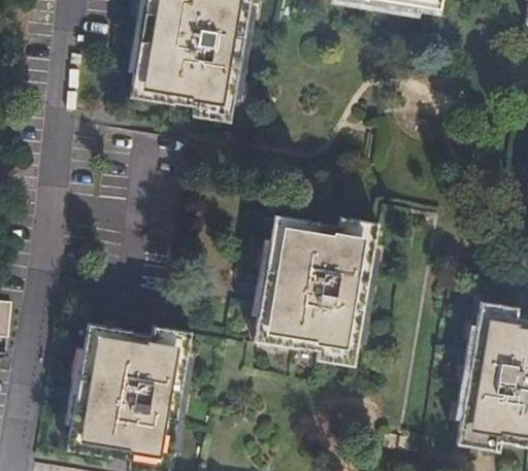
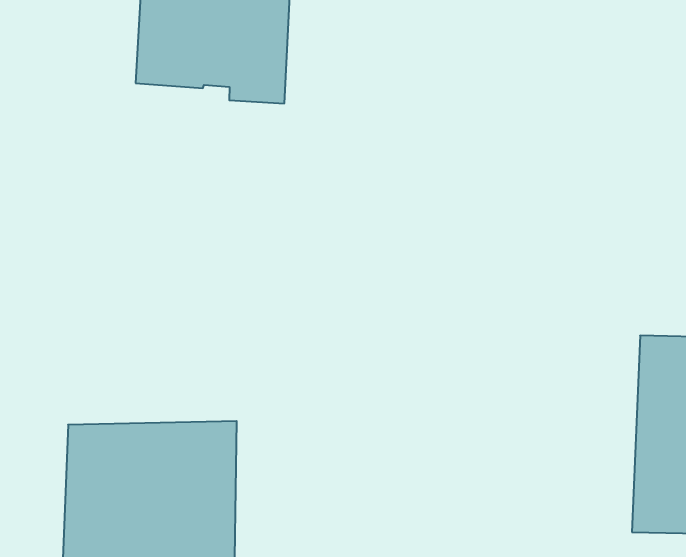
building: [255,211,381,359] -> none

